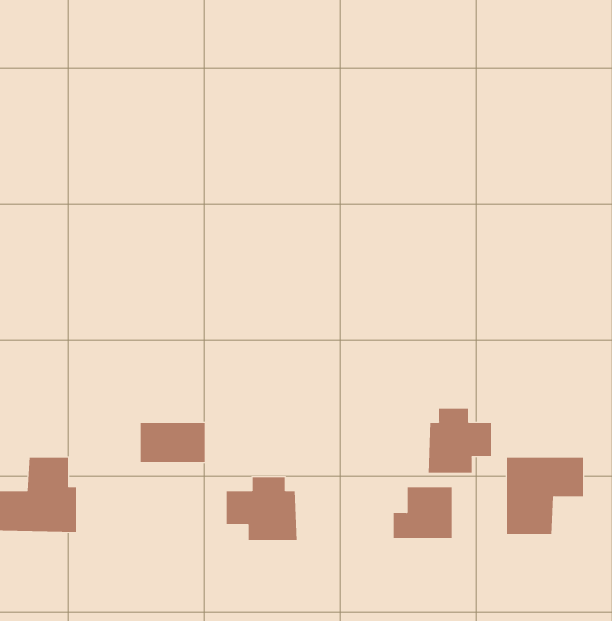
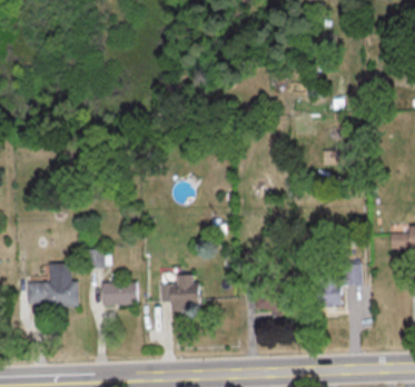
building: [428,408,491,473] -> none
building: [140,423,205,462] -> [103,282,140,305]

